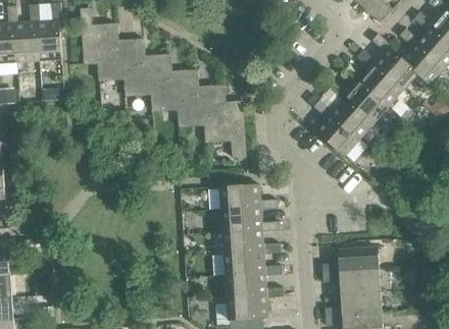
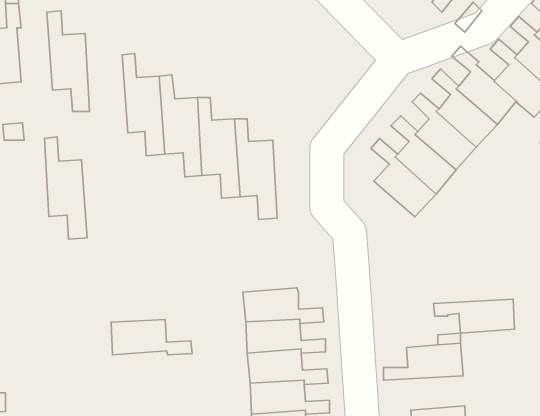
building: [107,23,138,97] -> [44,137,87,239]
building: [219,184,278,210] -> [111,319,192,355]
building: [321,270,380,294] -> [433,299,514,333]

